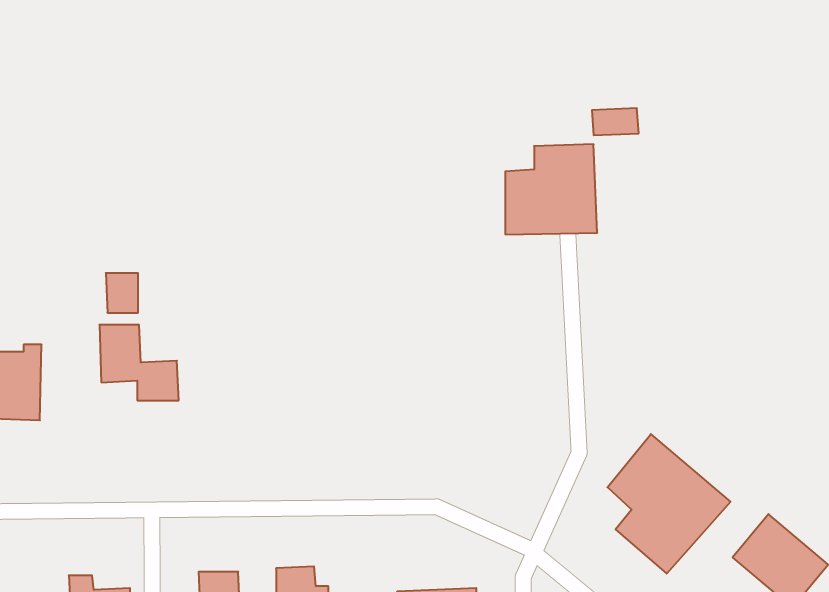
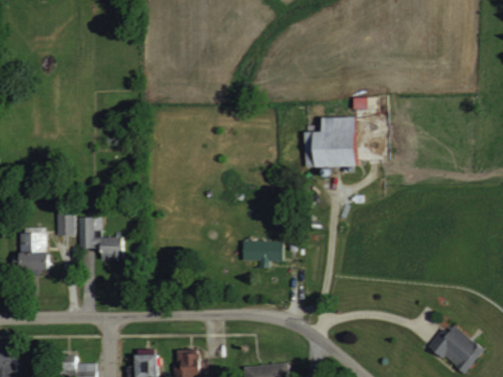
building: [106,273,138,313] -> [57,213,75,235]
building: none -> [242,241,283,267]
building: [607,434,730,574] -> none

